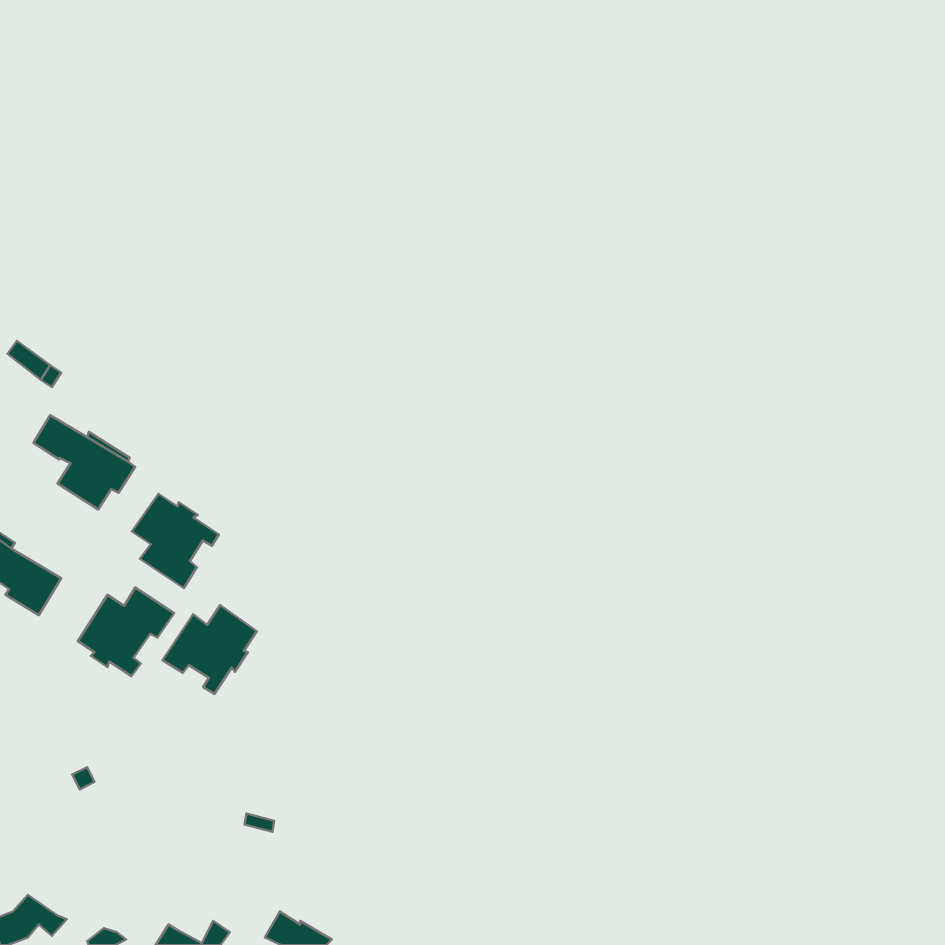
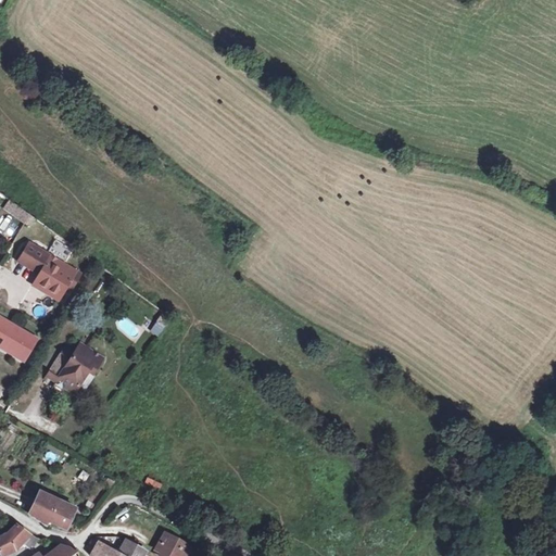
building: [132,494,219,588] -> none
building: [163,605,257,694] -> none
building: none -> [28,492,75,526]

